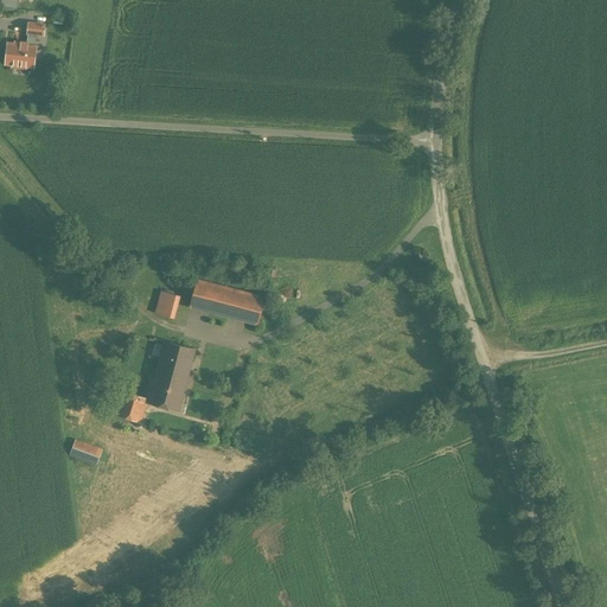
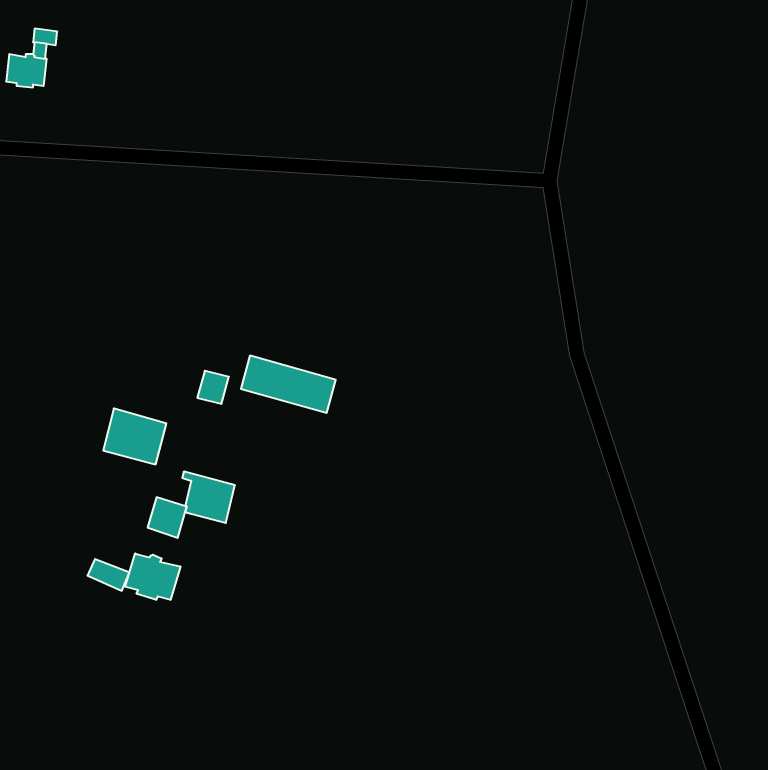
building: [146,338,196,382] -> [103,408,166,464]
building: none -> [125,553,180,600]

